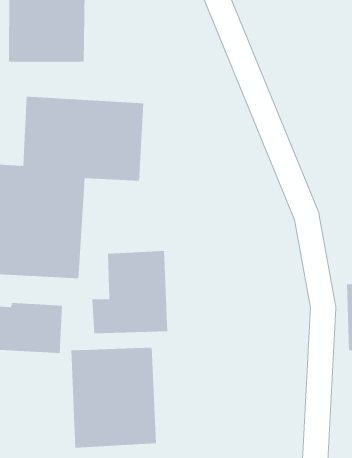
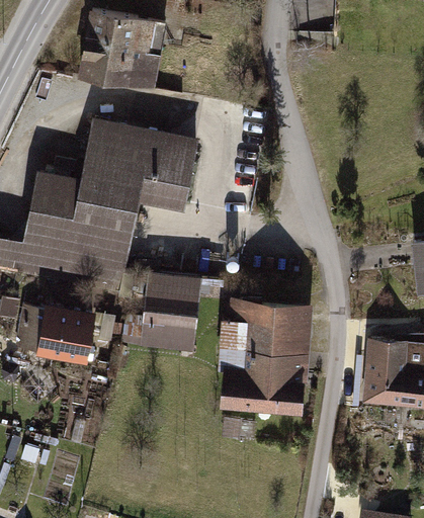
building: none -> [219,298,316,414]
building: [71,347,156,449] -> none

